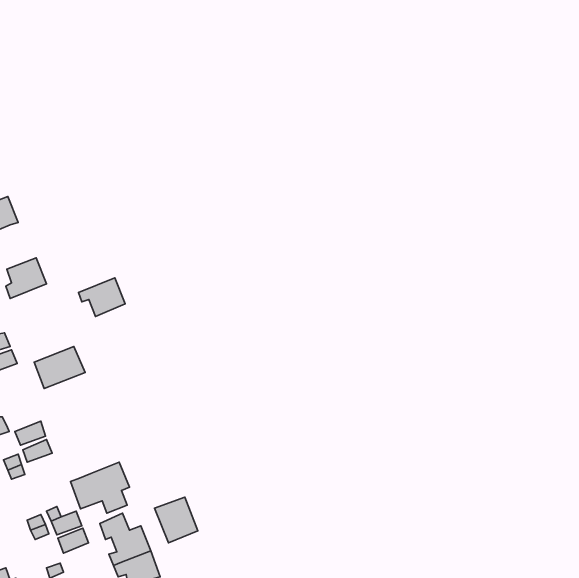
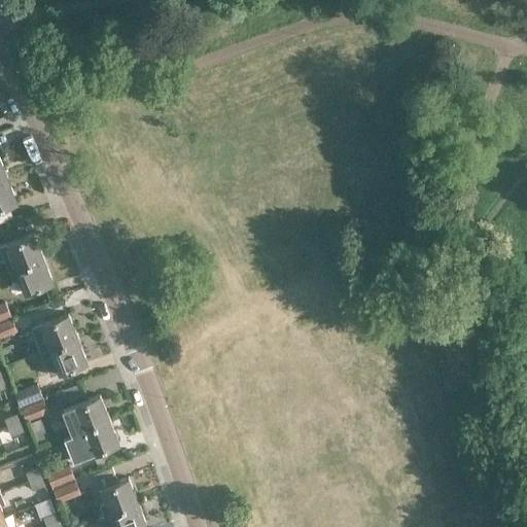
building: [78,278,125,316] -> [9,259,51,294]
building: none -> [40,340,86,378]
building: none -> [63,398,108,435]
building: [154,497,198,543] -> none

